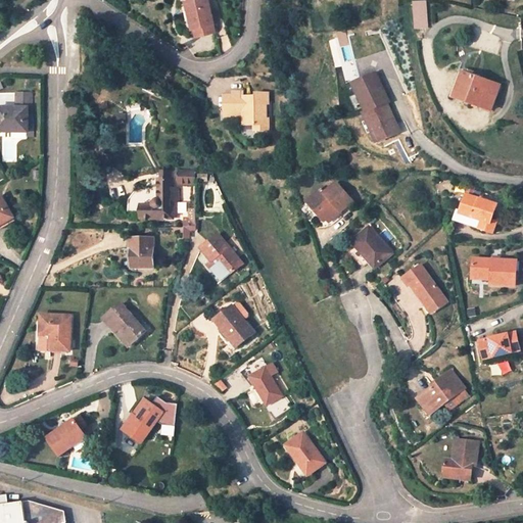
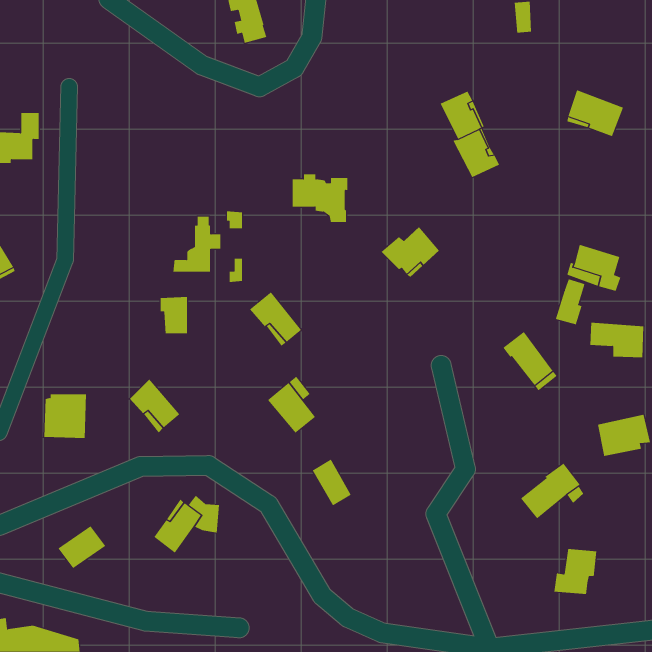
building: [224,91,269,130] -> [292,174,348,222]
building: none -> [555,278,585,325]
building: [350,227,390,276] -> none
building: [285,432,323,474] -> none

